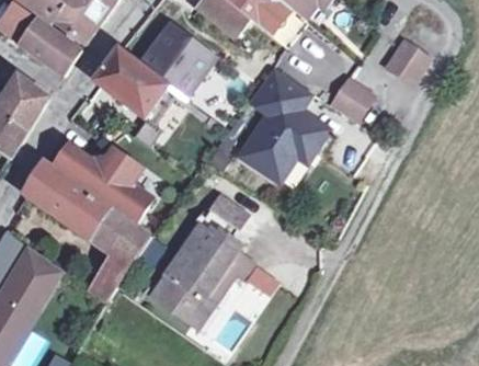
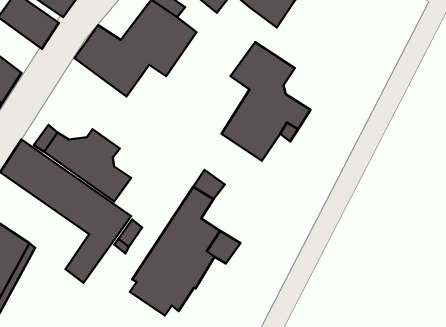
building: [384,36,426,81] -> none
building: [329,77,372,119] -> none

